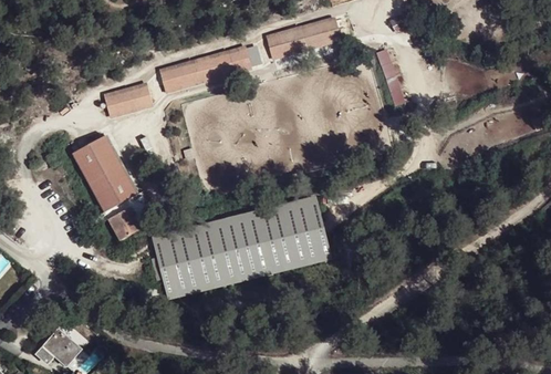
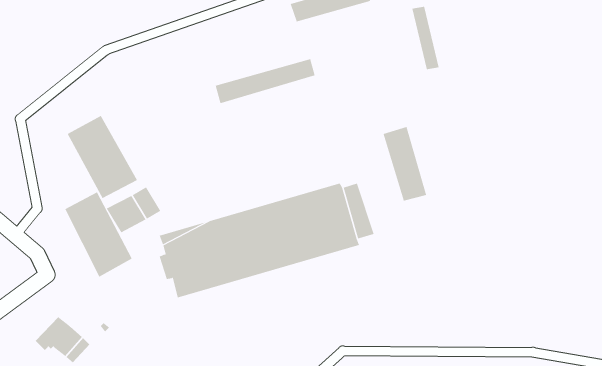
building: [160,46,251,87] -> [215,58,316,104]
building: [107,84,154,113] -> none
building: none -> [383,126,427,201]
building: none -> [65,192,132,277]

